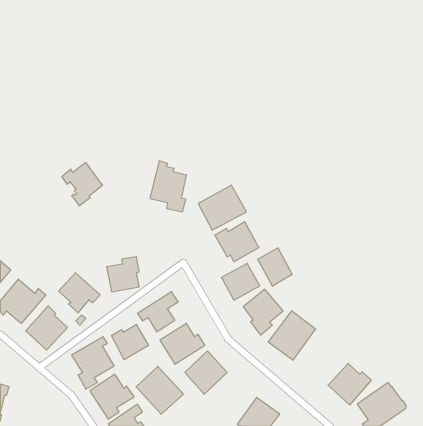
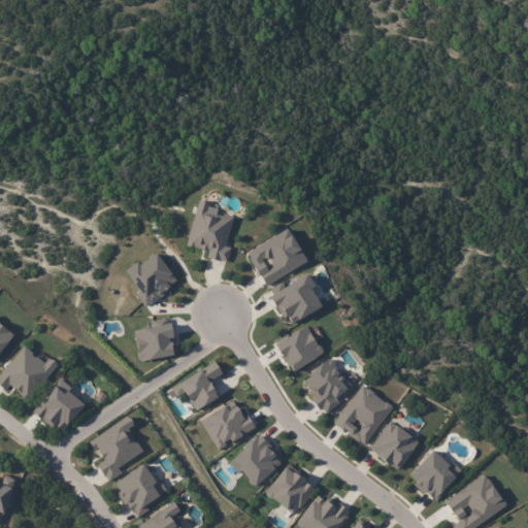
building: [62,163,103,206] -> [126,252,176,305]
building: [258,248,292,286] -> none
building: [59,273,100,313] -> none
building: [111,324,148,360] -> none
building: none -> [371,421,420,469]
building: [136,366,183,414] -> none
building: none -> [266,464,318,515]

